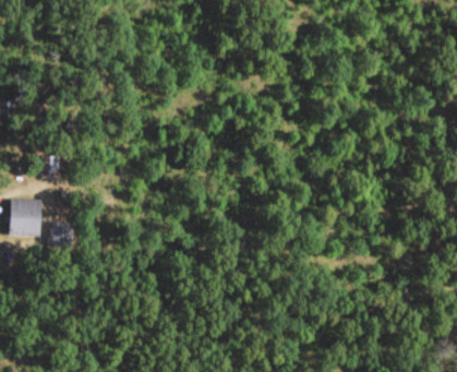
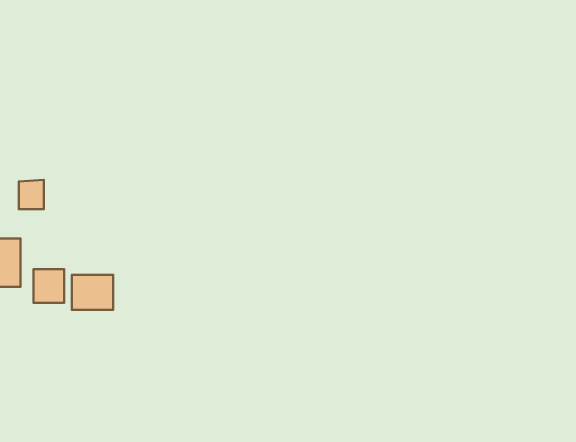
building: none -> [72,275,113,310]

